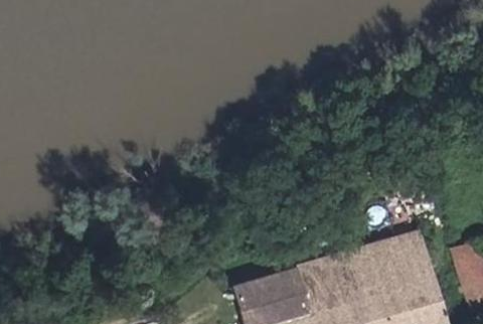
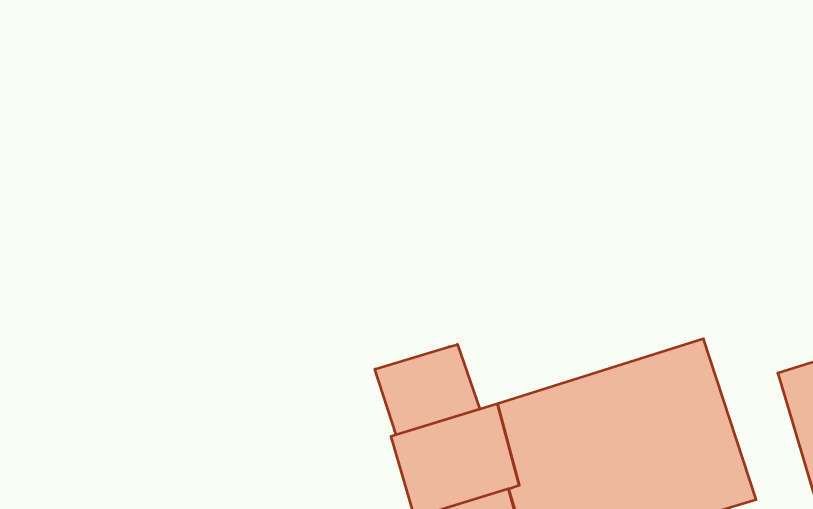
building: none -> [375,344,480,435]

